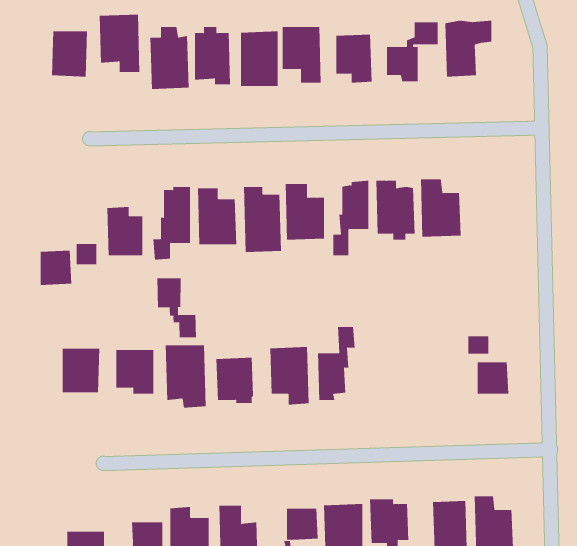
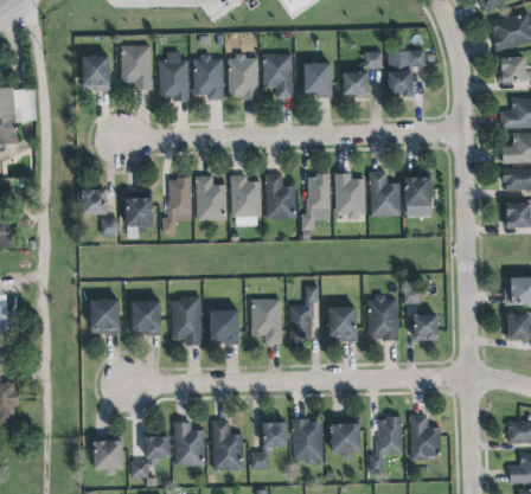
building: none -> [403,168,430,210]
building: [40,250,72,285] -> [83,188,108,216]
building: [157,277,197,338] -> none
building: none -> [365,293,397,338]
building: none -> [330,307,358,340]

